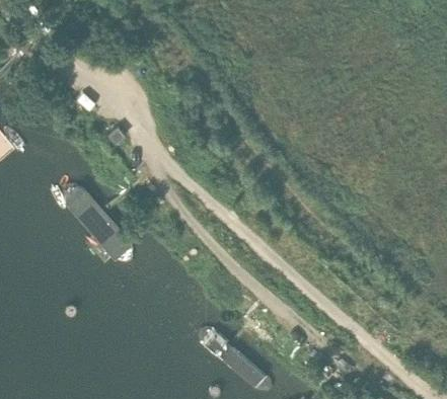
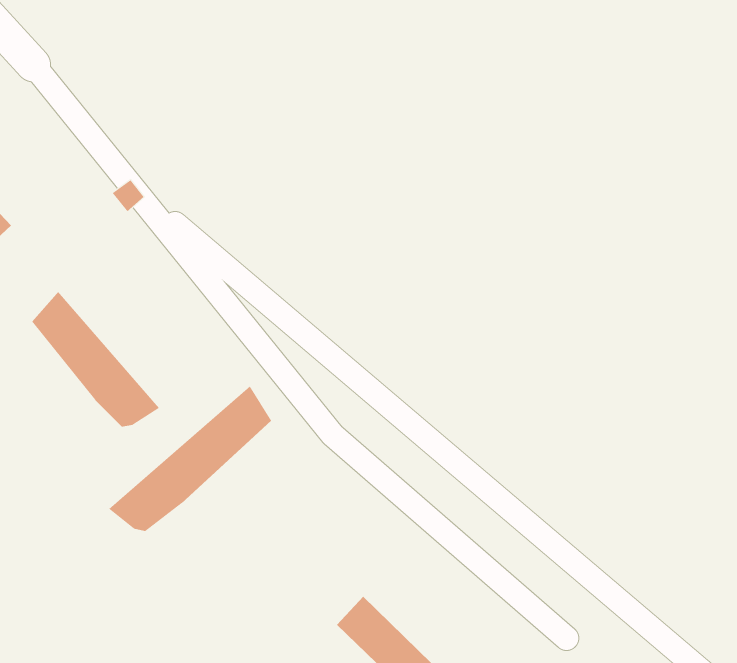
building: none -> [108,386,272,532]

